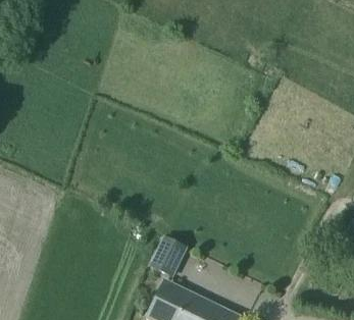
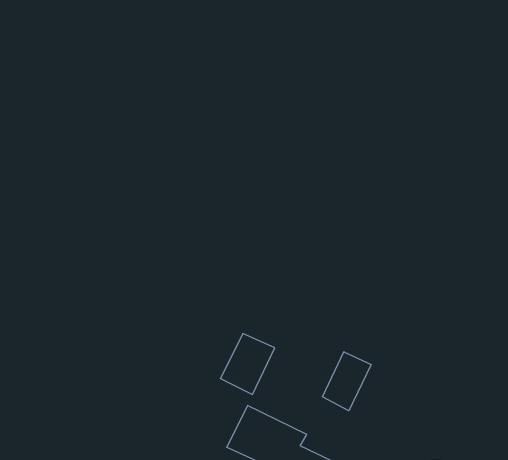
building: none -> [323,352,371,411]

